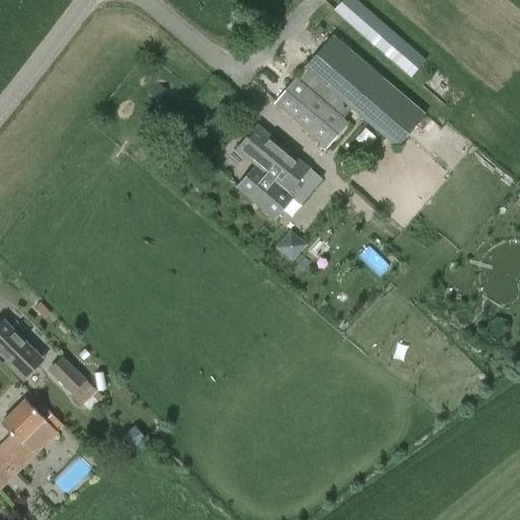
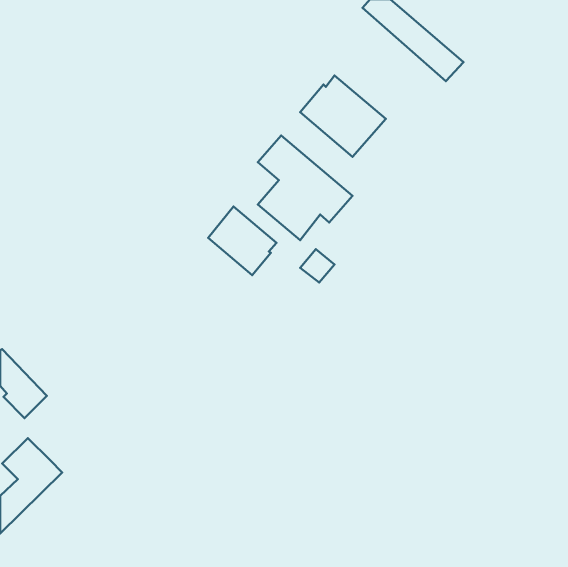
building: [304,35,426,148] -> none
building: none -> [208,207,276,275]
building: [47,355,102,405] -> none

